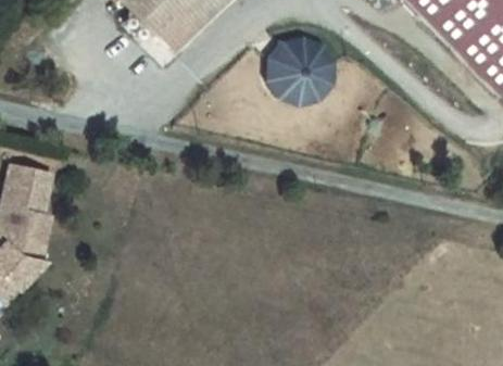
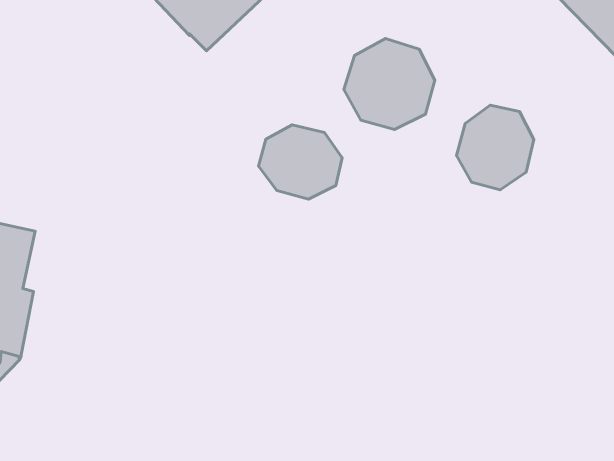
building: none -> [457,105,534,190]
building: none -> [258,125,342,199]

